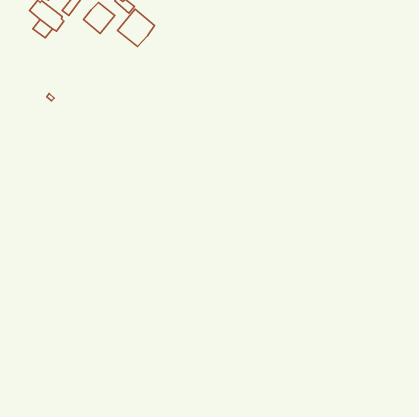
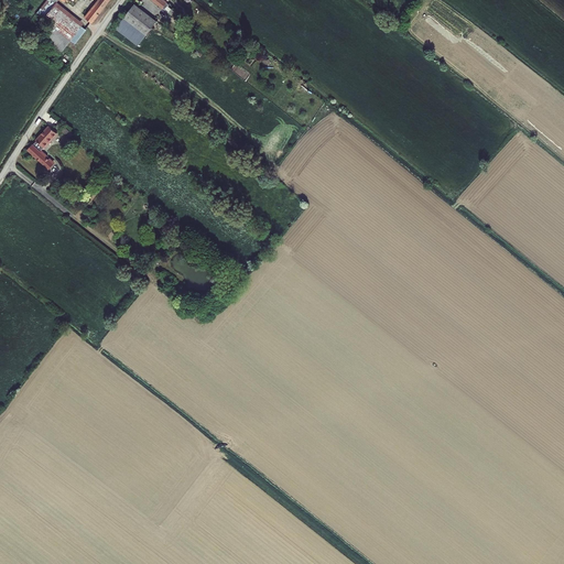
building: [118,9,154,47] -> none
building: none -> [28,124,58,171]

